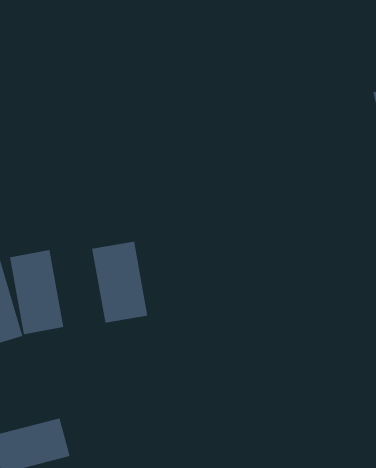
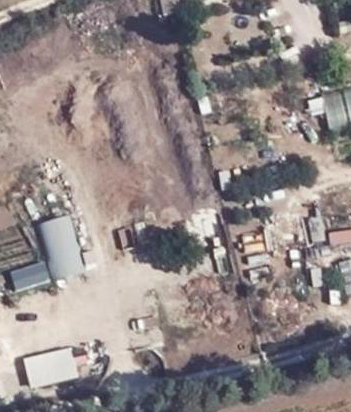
building: [92,241,148,323] -> none

